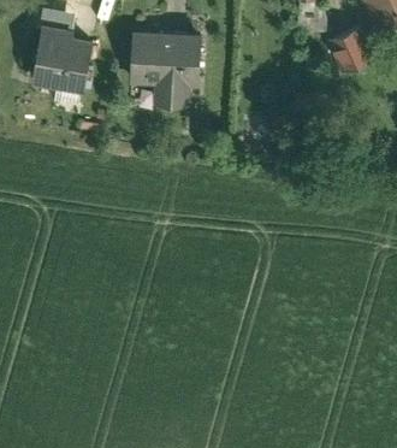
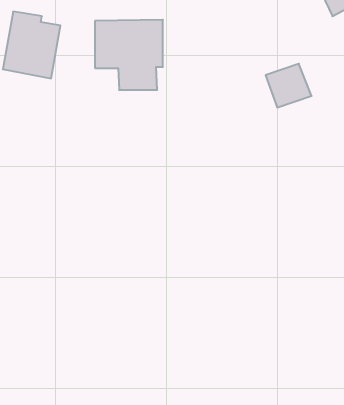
building: [333,28,381,73] -> [266,64,312,107]

